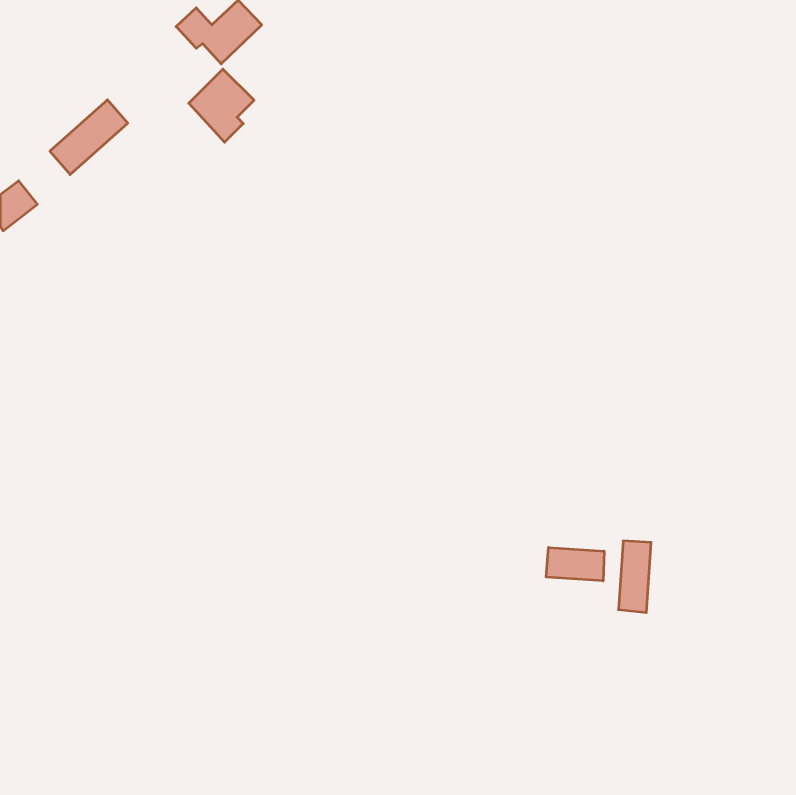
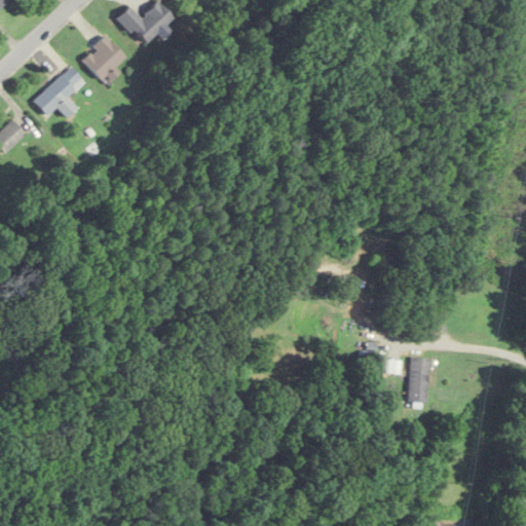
building: [189,69,254,142] -> [82,36,125,84]
building: [546,547,604,581] -> none

